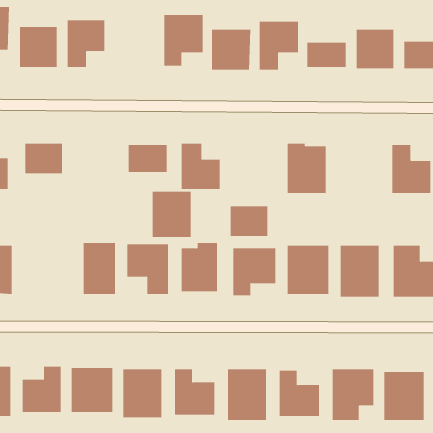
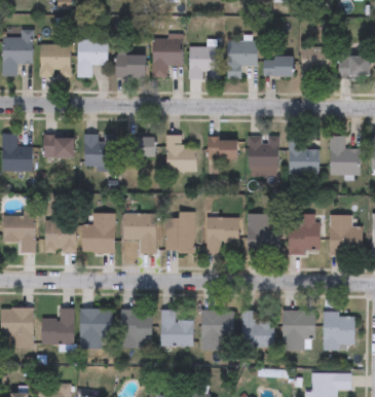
building: none -> [116,51,146,75]
building: none -> [288,137,318,174]
building: [152,191,192,237] -> [83,133,114,169]
building: [230,206,268,236] -> [208,137,237,160]
building: none -> [45,220,76,252]

